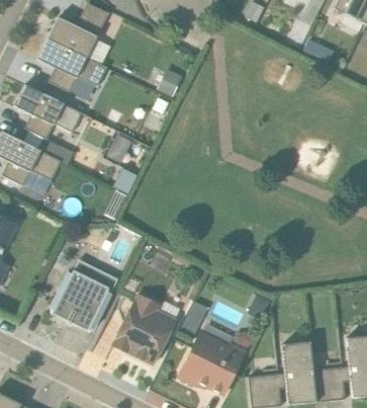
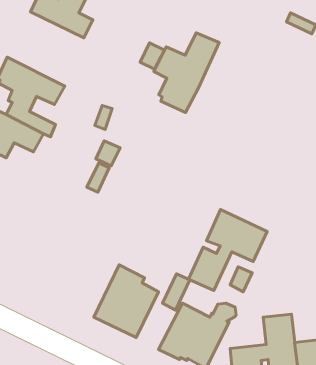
building: [37,38,106,99] -> none
building: none -> [154,33,219,113]
building: none -> [189,210,267,290]
building: [49,259,117,331] -> none

